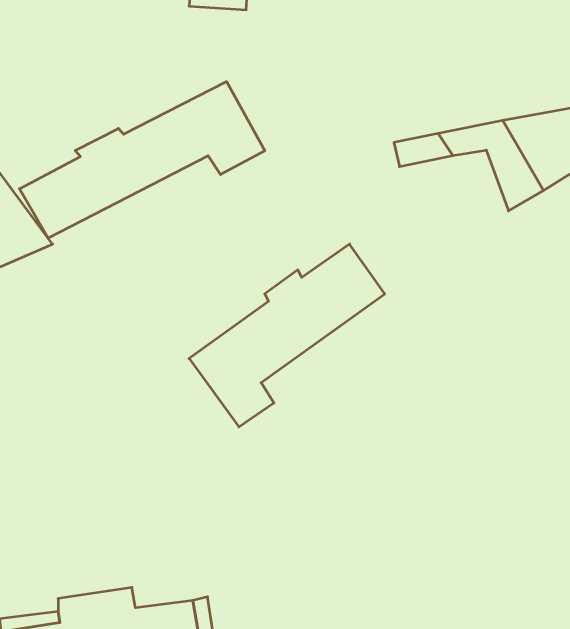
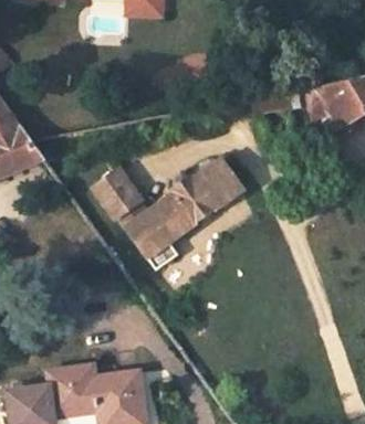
building: [19,82,265,238] -> none
building: none -> [93,169,140,218]

